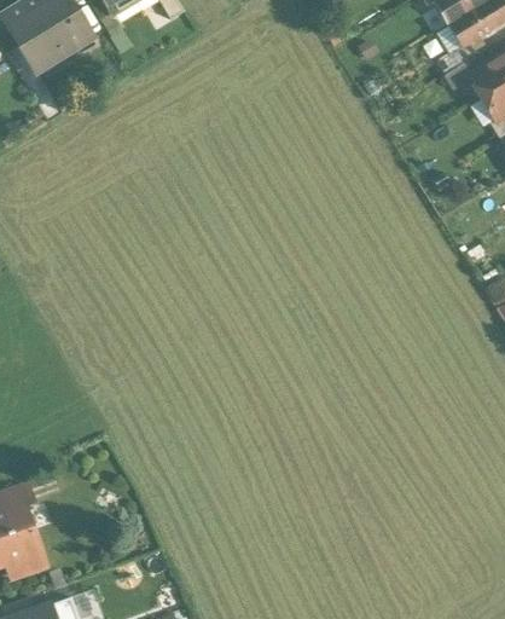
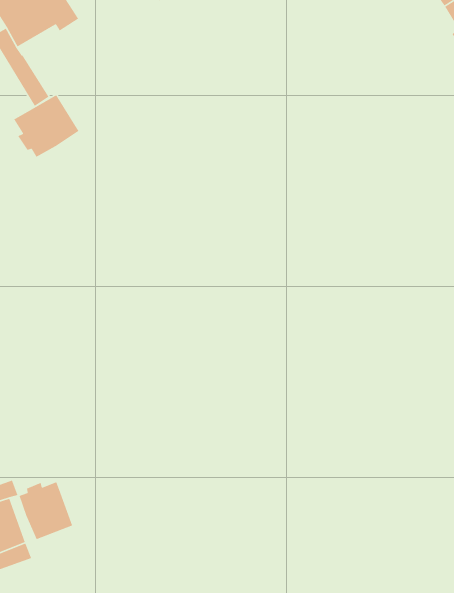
building: none -> [13,94,79,158]
building: none -> [19,481,73,540]

